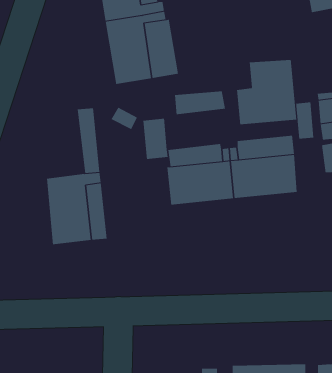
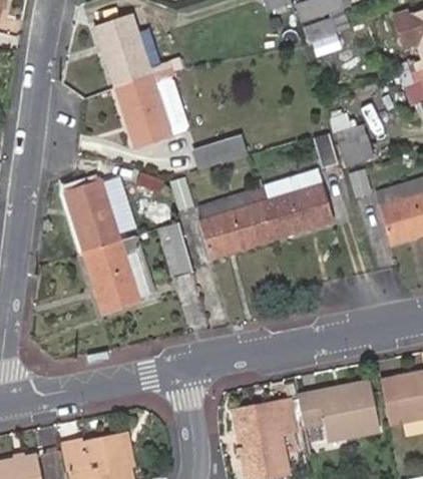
building: [236,59,297,125] -> none
building: none -> [68,178,122,251]
building: none -> [160,222,195,280]

